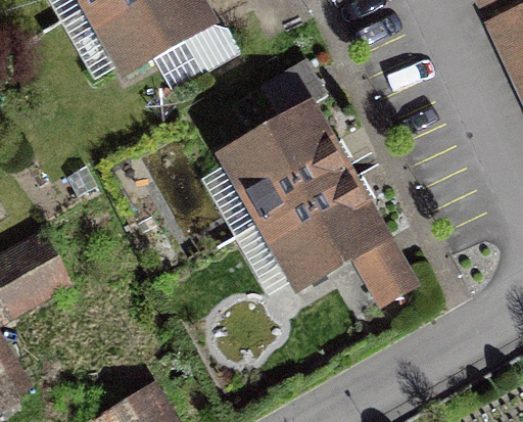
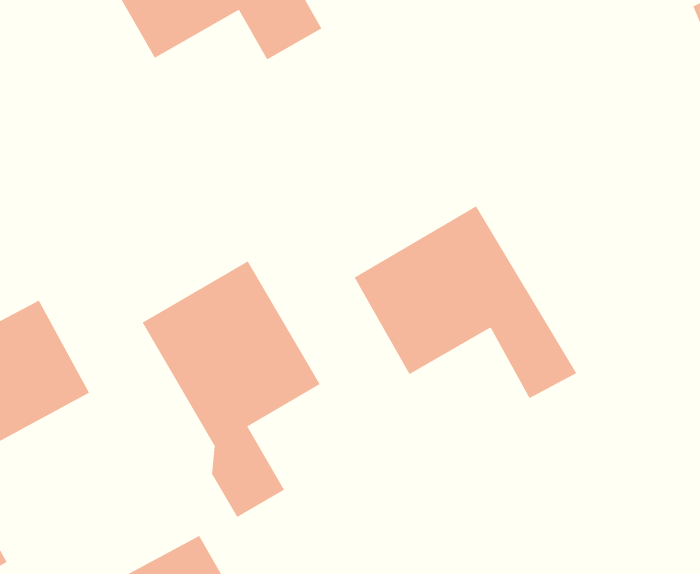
building: [223,57,344,219] -> none
building: none -> [142,261,320,518]

